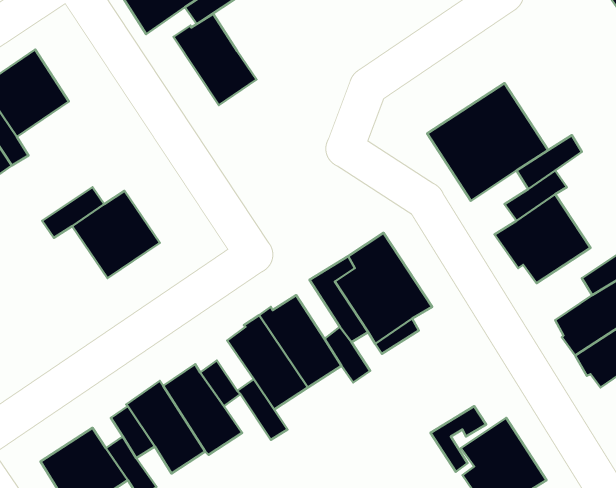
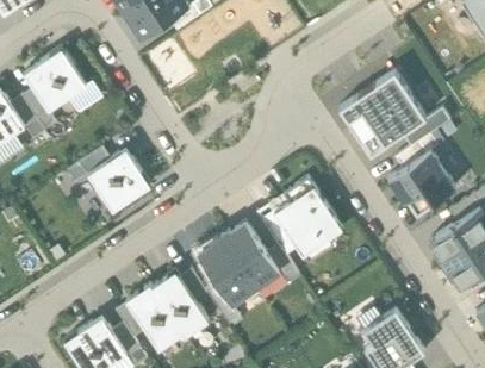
building: [173,14,256,105] -> none

